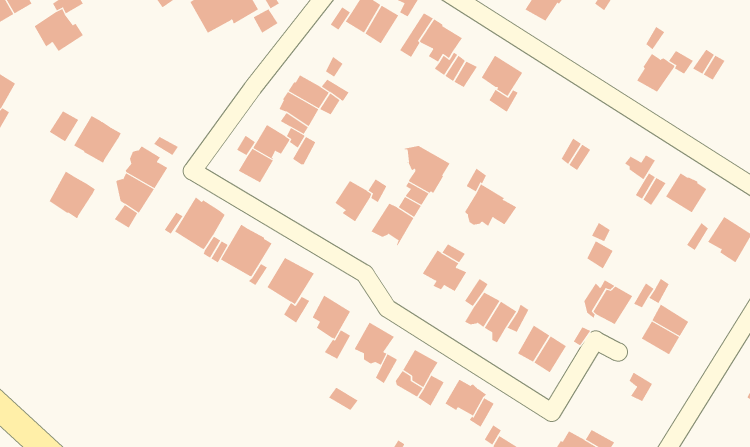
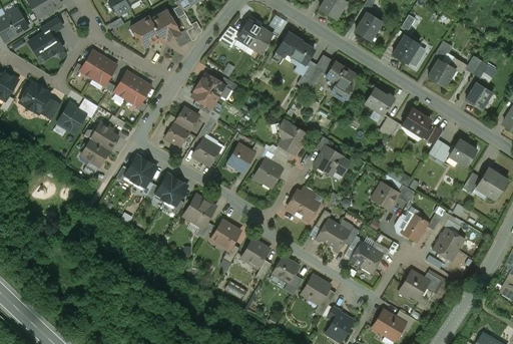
building: none -> [392,35,419,63]
building: none -> [80,49,116,84]
building: none -> [114,70,150,105]
building: none -> [466,82,492,109]
building: none -> [365,87,394,113]
building: none -> [403,108,429,134]
building: [49,171,96,219] -> [19,81,50,113]
building: none -> [192,137,217,165]
building: none -> [375,182,398,210]
building: none -> [403,270,429,299]

